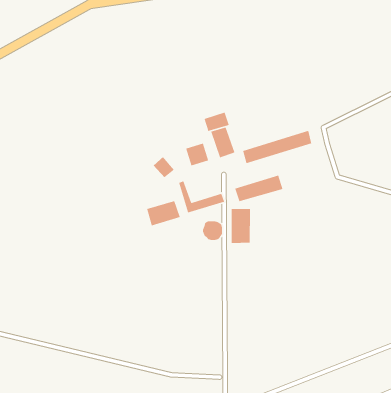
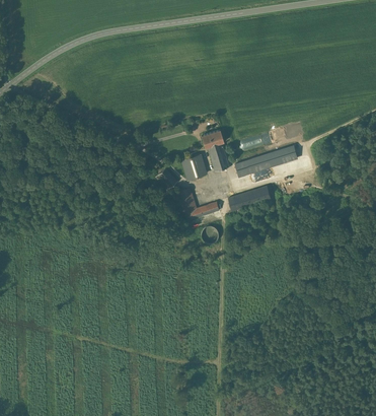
building: [146,200,181,226] -> none
building: [231,208,251,244] -> none

